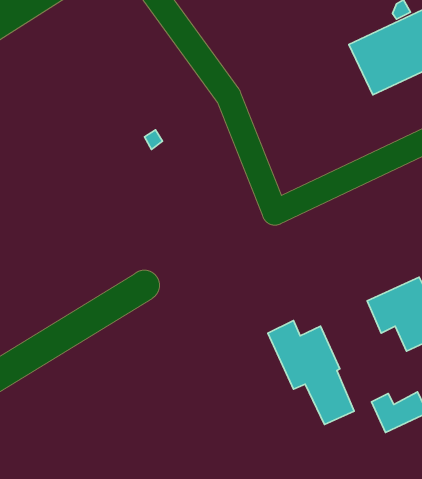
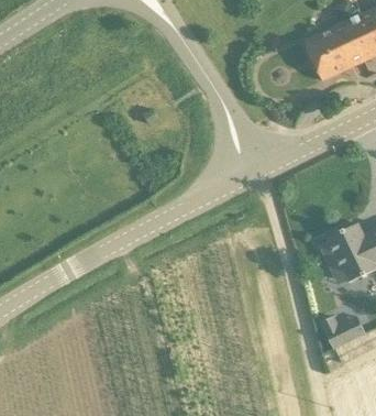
building: [268,320,354,425] -> none

